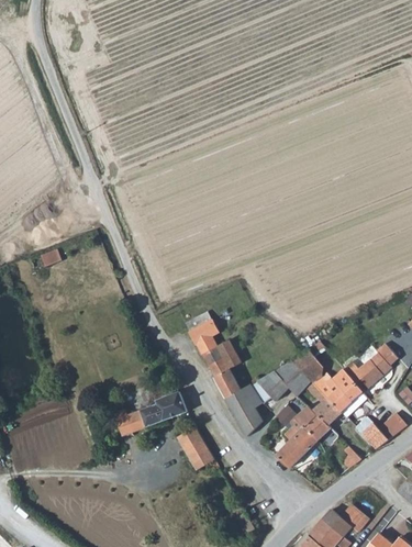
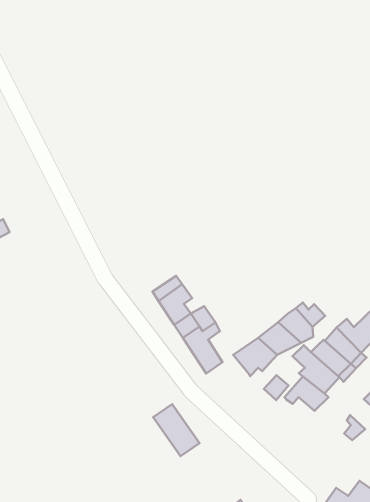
building: [224,383,261,436] -> none
building: [112,391,185,435] -> none
building: [275,426,316,467] -> none

